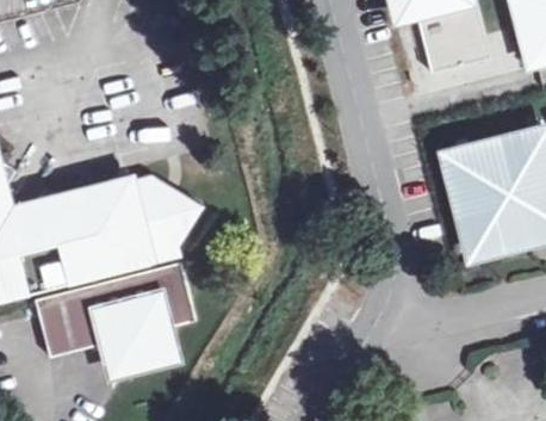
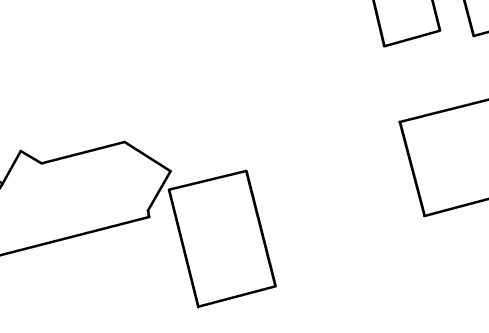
building: none -> [169,171,275,307]
building: [35,264,194,369] -> none

